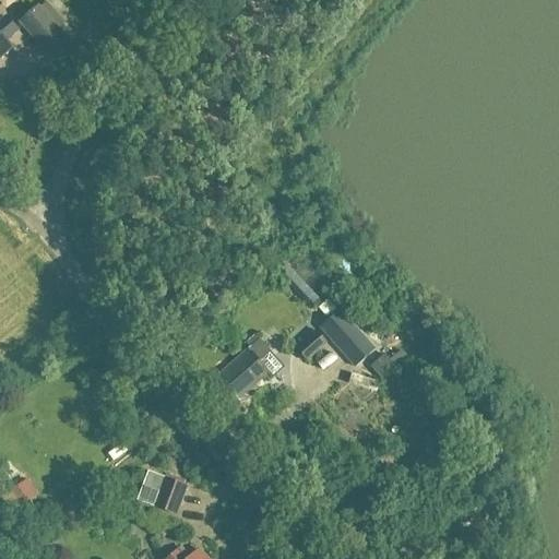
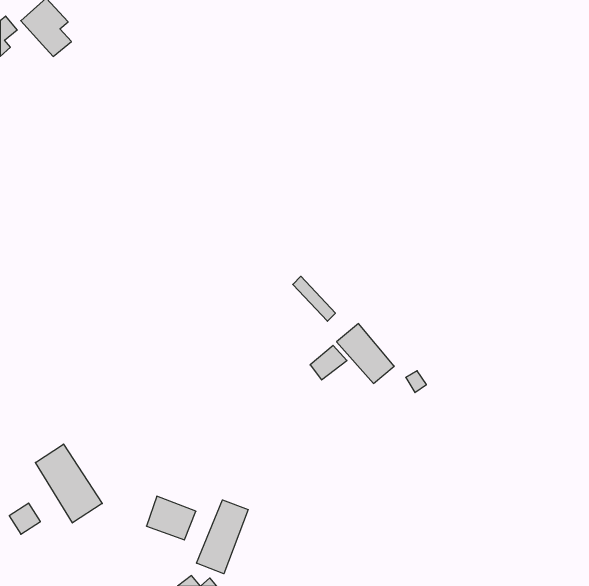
building: [216,337,284,400] -> none
building: none -> [35,444,102,523]
building: none -> [197,500,248,574]

